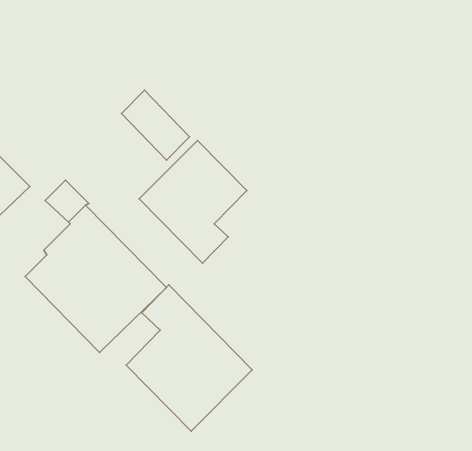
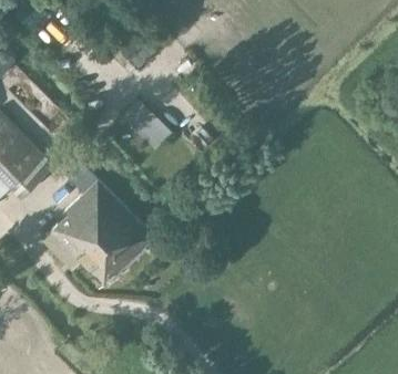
building: [139,140,247,263] -> none
building: [126,285,252,431] -> none

